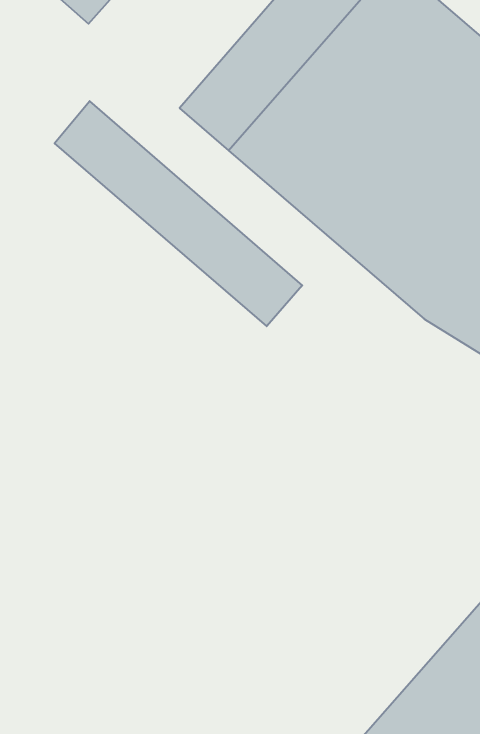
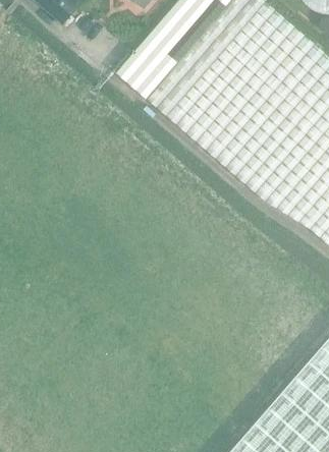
building: [55,101,302,326] -> none

